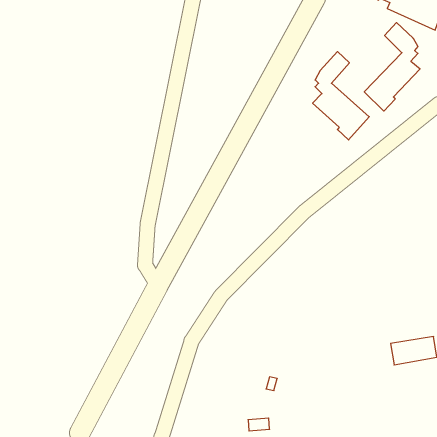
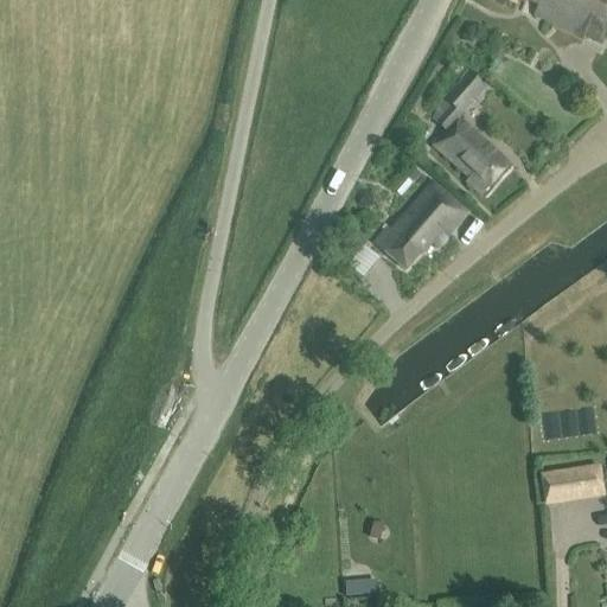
building: [364,23,420,111] -> none
building: none -> [376,180,468,268]

